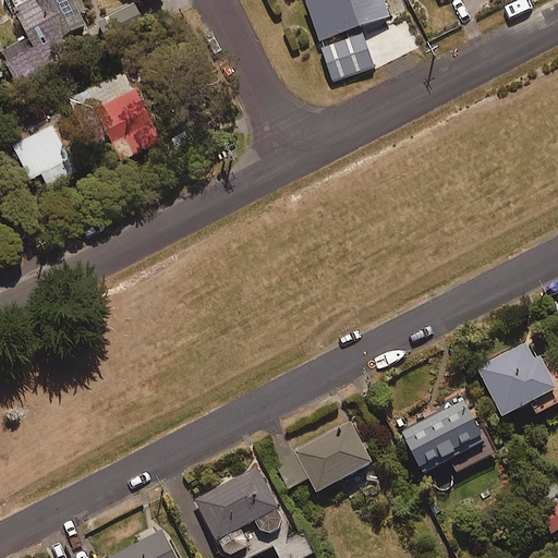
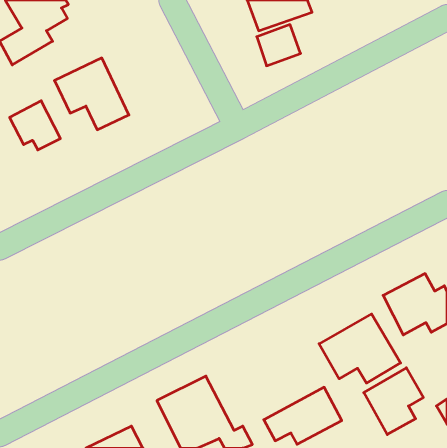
building: [275,421,372,492] -> [264,387,342,444]
building: none -> [364,368,423,435]

